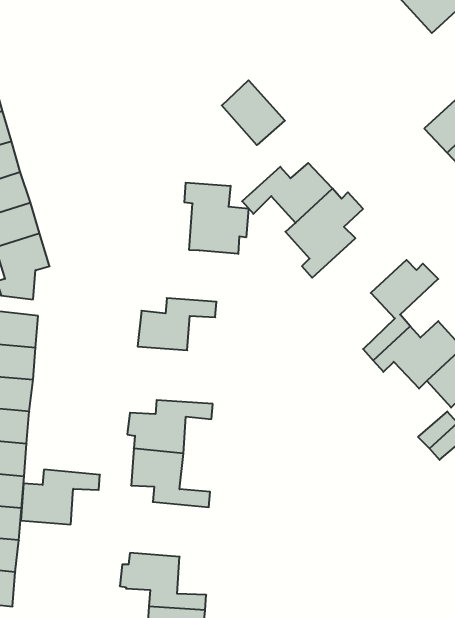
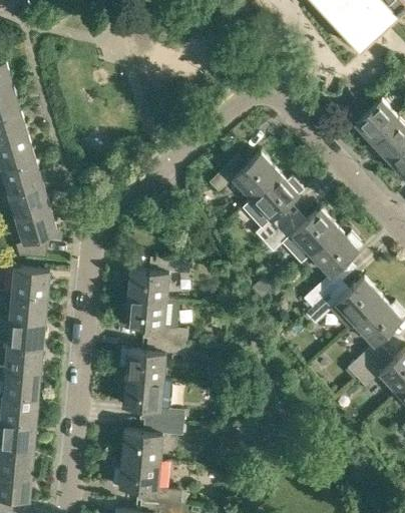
building: [222,80,285,145] -> none
building: [184,183,248,254] -> none
building: none -> [265,208,339,263]
building: none -> [120,297,187,342]
building: [21,470,100,524] -> [121,419,183,462]

